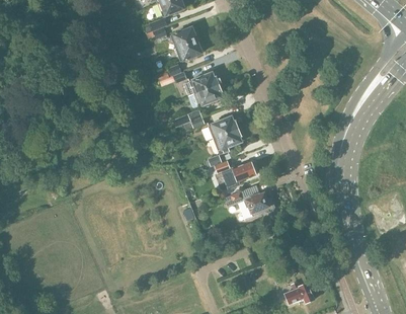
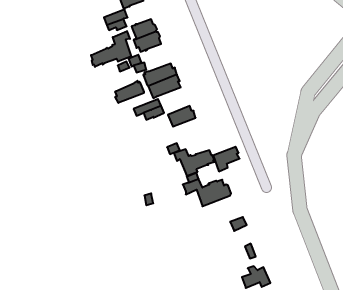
building: none -> [91,31,131,67]
building: none -> [115,81,144,103]
building: [215,128,242,153] -> [213,147,240,171]

